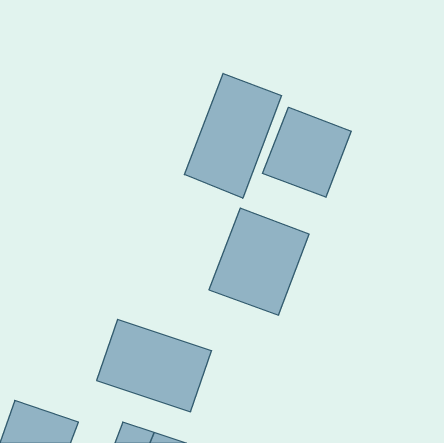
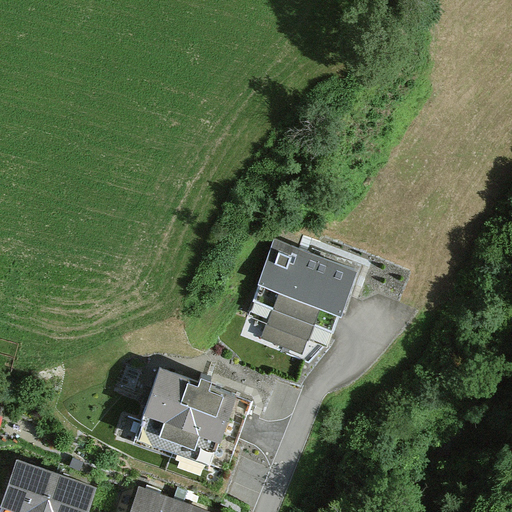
building: [184,73,281,198] -> none
building: [263,107,351,197] -> none

